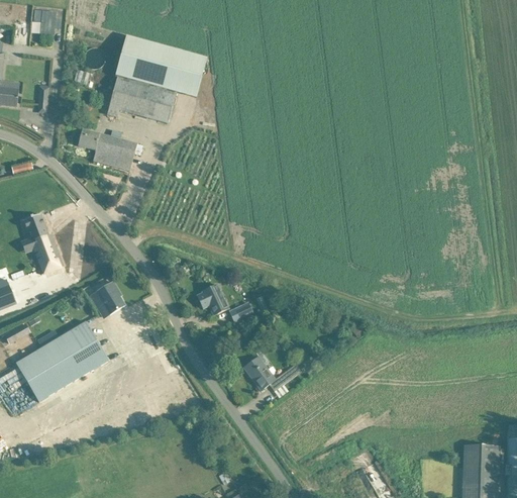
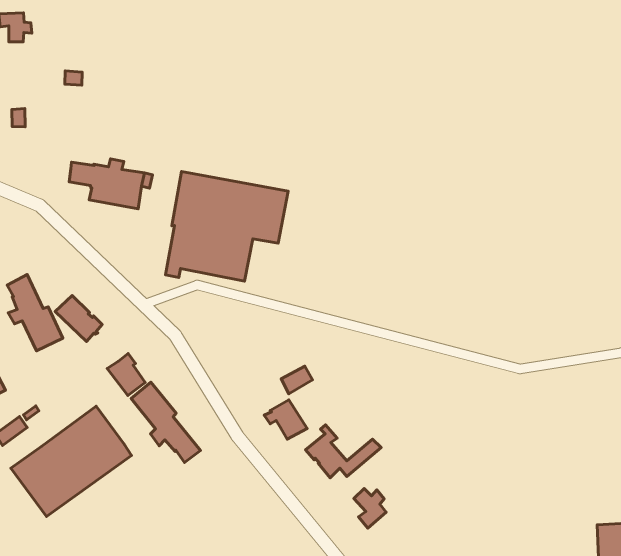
building: [106,35,206,124] -> [165,171,288,281]
building: [196,285,228,315] -> [264,400,307,439]
building: none -> [131,382,200,462]
building: none -> [354,489,386,528]

